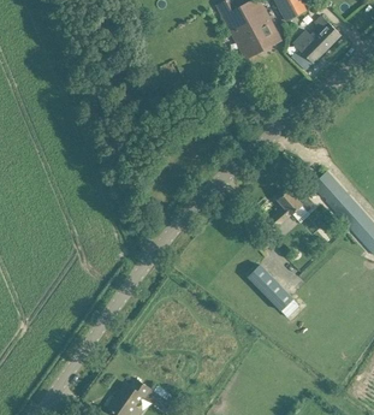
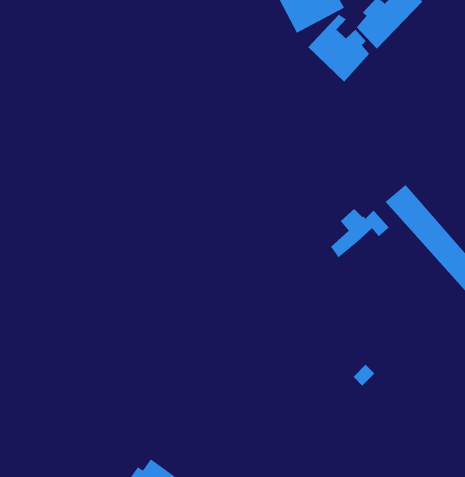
building: none -> [307,14,370,82]
building: [248,265,293,312] -> none

